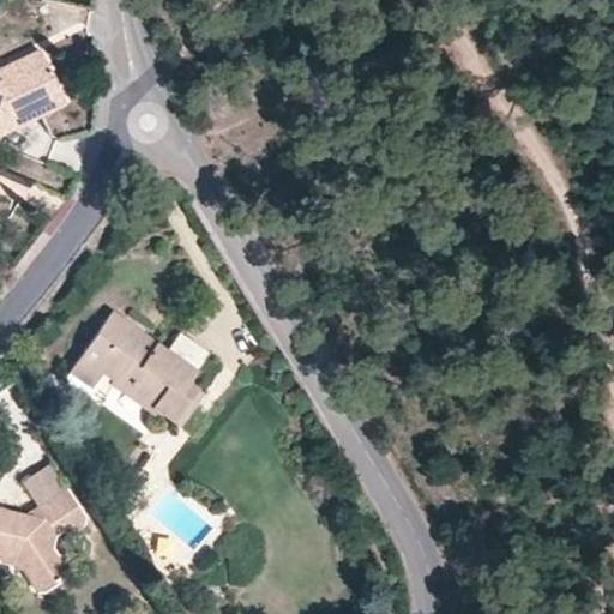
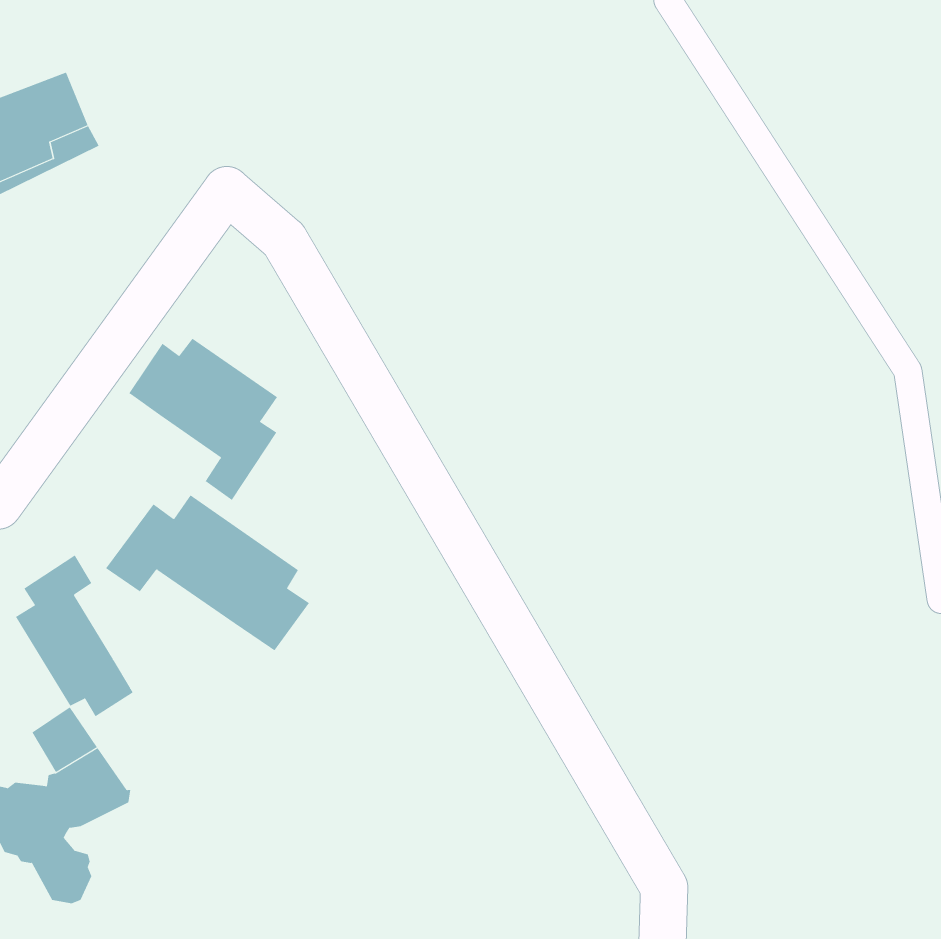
building: none -> [129,338,278,501]
building: none -> [15,555,133,717]

